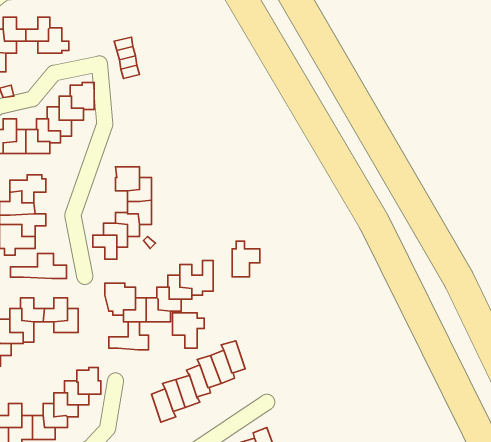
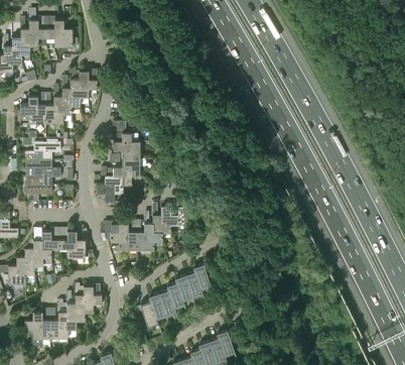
building: [232,241,260,277] -> none
building: [10,254,66,278] -> none
building: [173,313,204,348] -> none
building: [109,322,148,350] -> none

